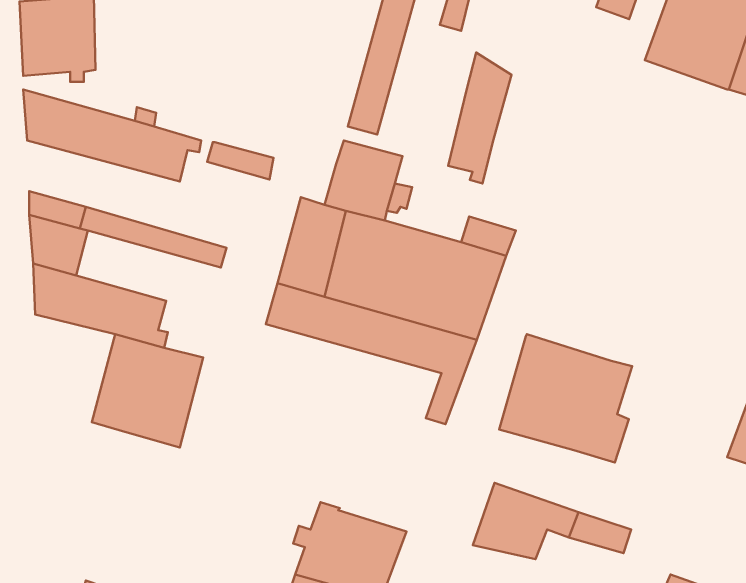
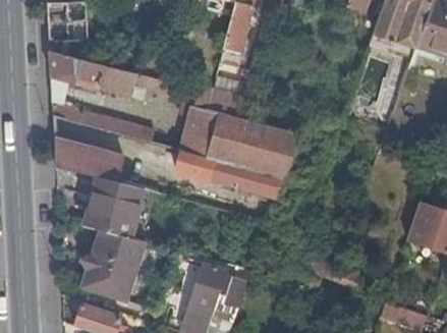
building: [448,52,512,183] -> none
building: [499,334,632,463] -> none
building: none -> [82,227,147,301]

